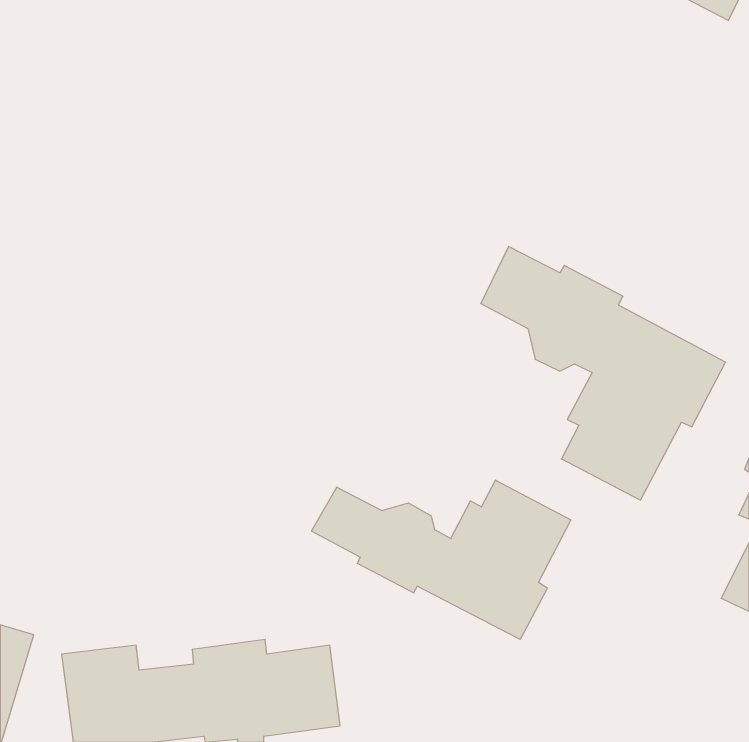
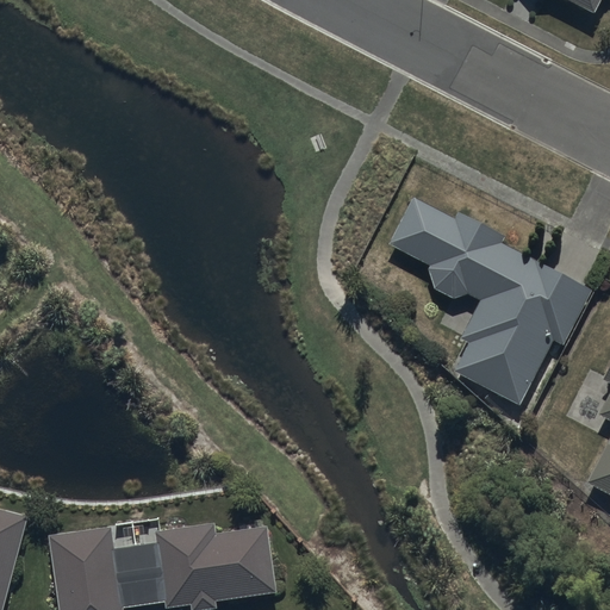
building: [312,480,571,639] -> none

